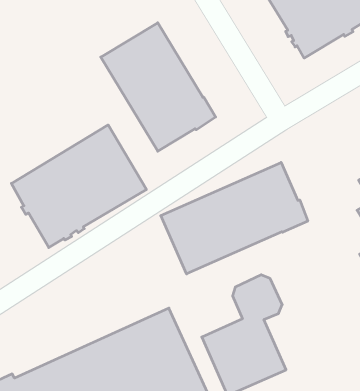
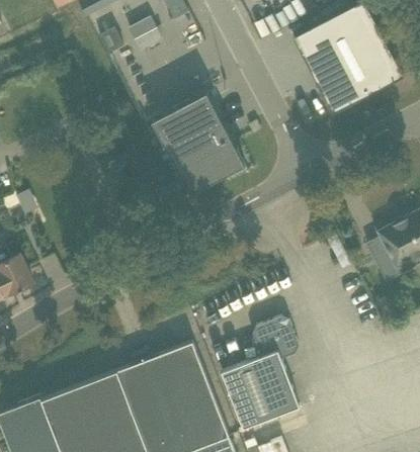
building: [11,125,146,248] -> none
building: [161,162,308,274] -> none

